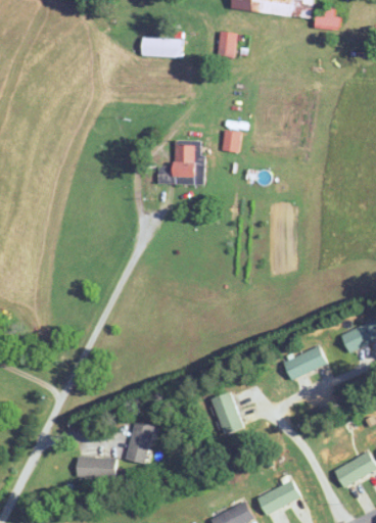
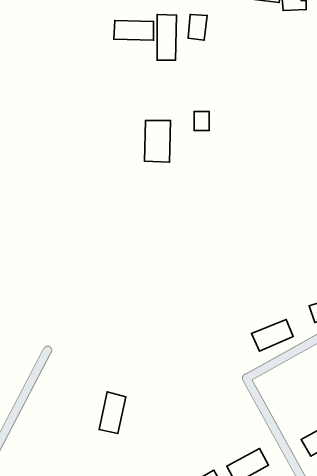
building: none -> [157,15,177,60]
building: [212,391,243,434] -> none
building: [77,457,115,477] -> none

